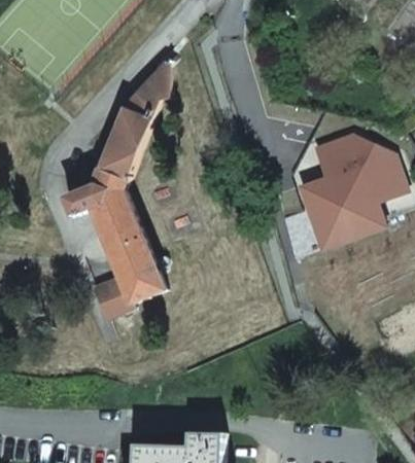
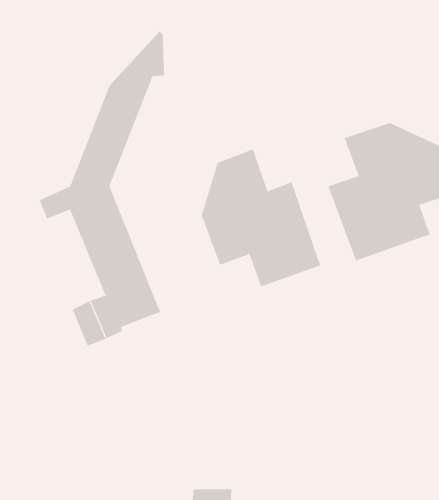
building: none -> [201,148,321,287]

